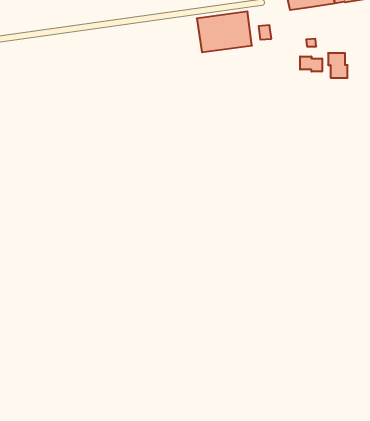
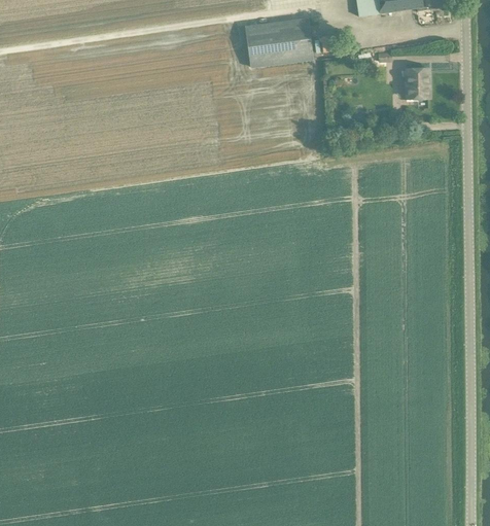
building: [300,56,322,72] -> none

